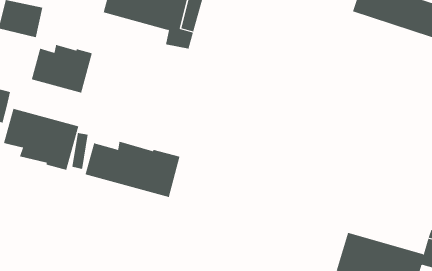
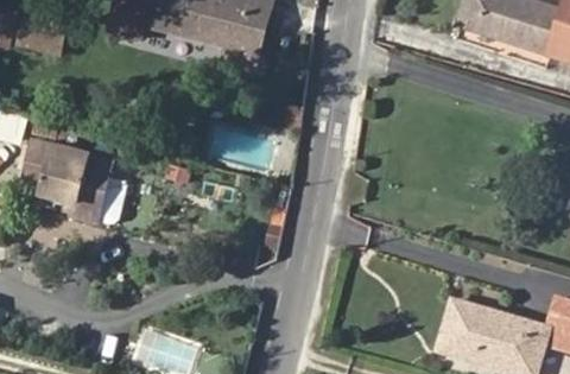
building: [31,44,93,94] -> none
building: [85,141,180,198] -> none

